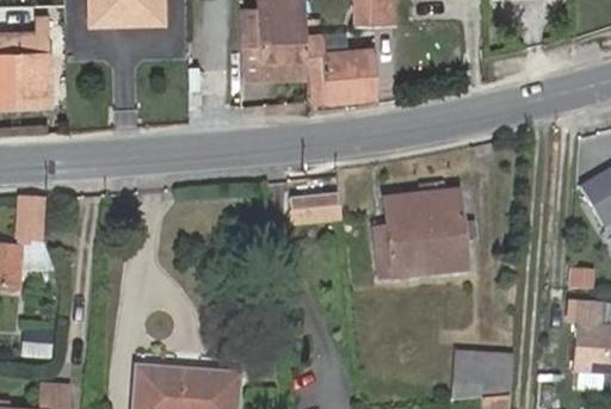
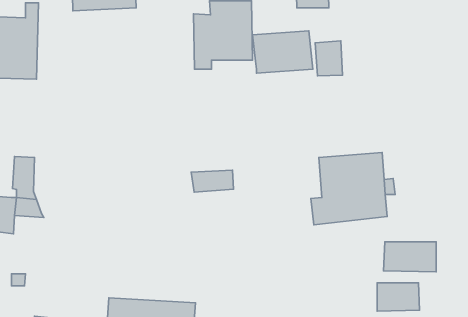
building: none -> [315,41,342,76]
building: [288,196,338,222] -> [191,170,233,192]
building: none -> [383,242,436,272]

